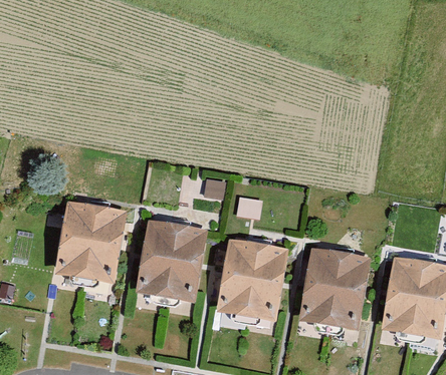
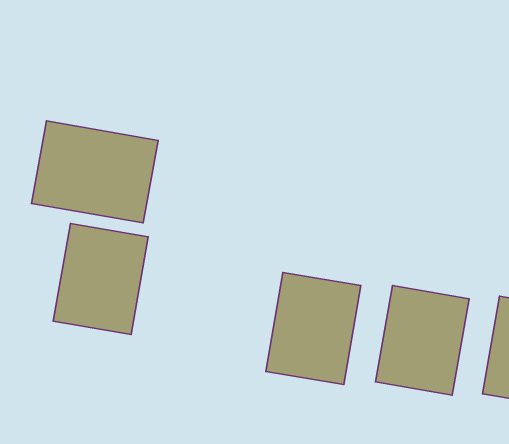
building: none -> [32,121,158,223]
building: [136,219,207,302] -> none

